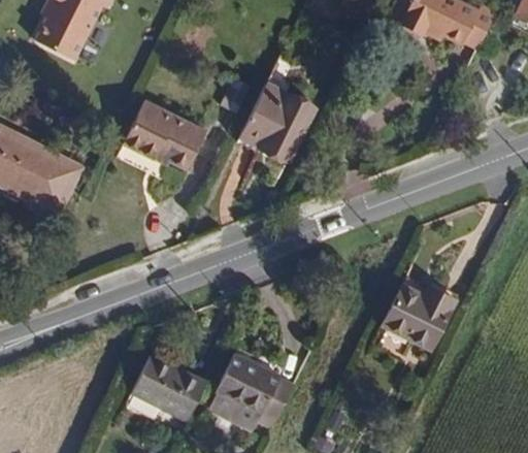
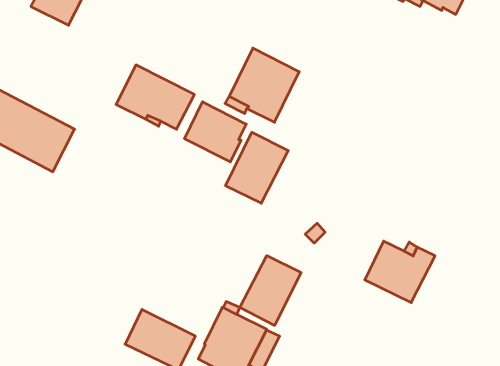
building: none -> [185,102,246,162]
building: none -> [226,132,288,203]
building: none -> [240,256,301,325]

